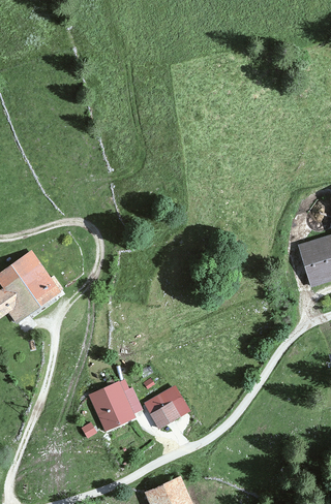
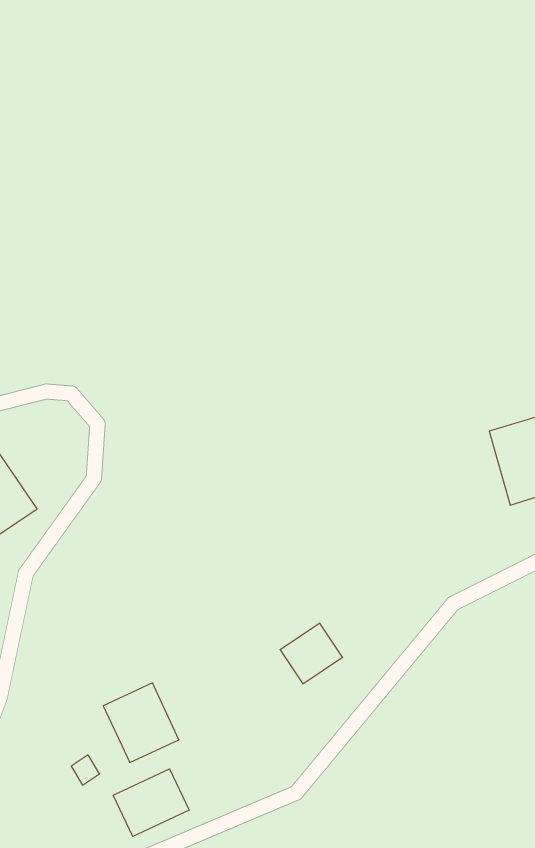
building: [150,389,184,422] -> [280,623,343,684]
building: none -> [113,769,189,836]

